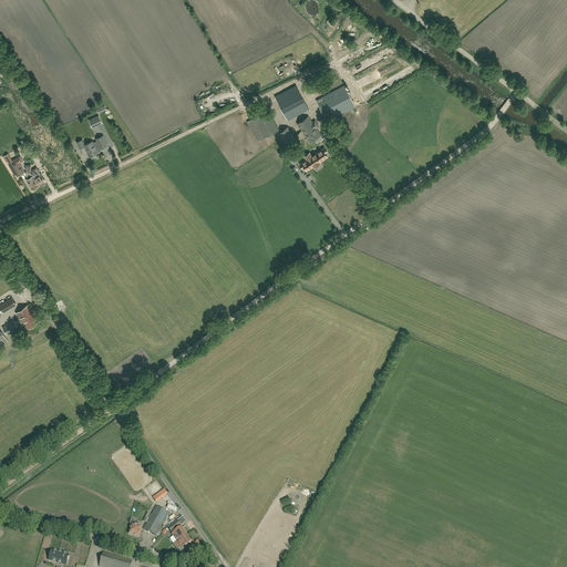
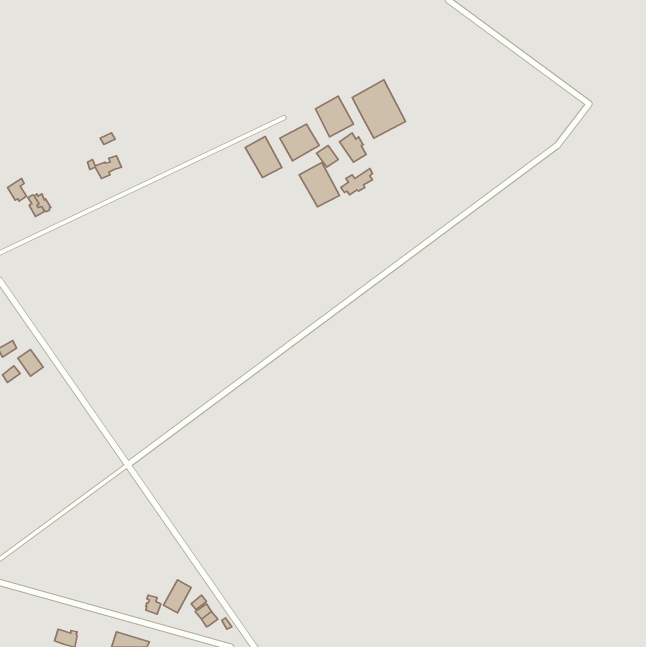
building: none -> [245,136,282,178]
building: none -> [299,162,340,207]

